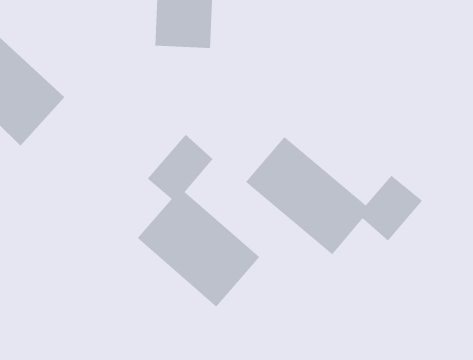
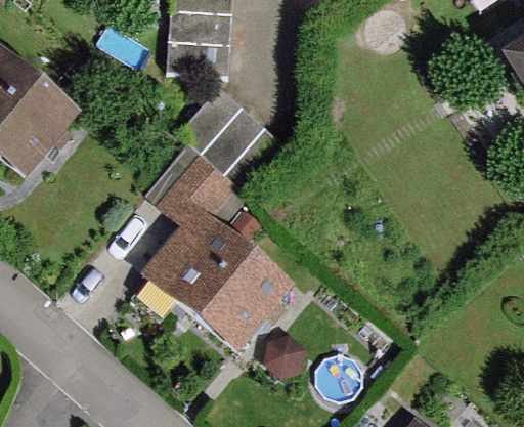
building: none -> [183,93,283,190]
building: [245,136,423,255] -> none

